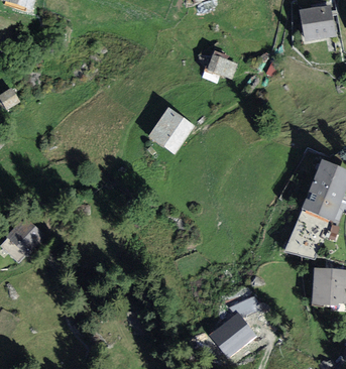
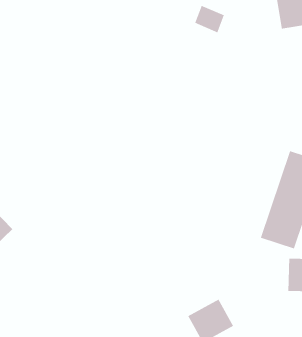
building: [204,54,234,83] -> [194,5,225,33]
building: [147,108,192,152] -> none

